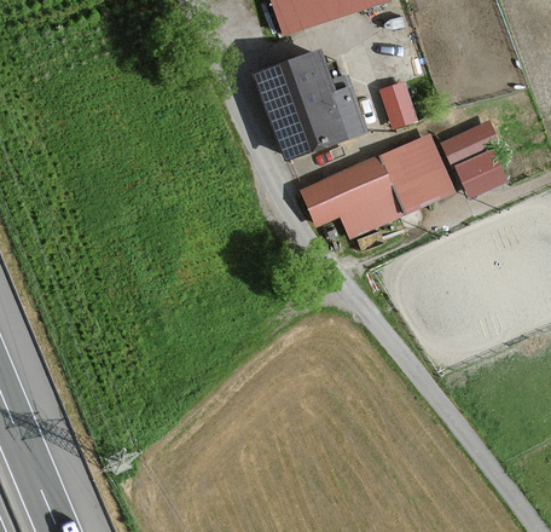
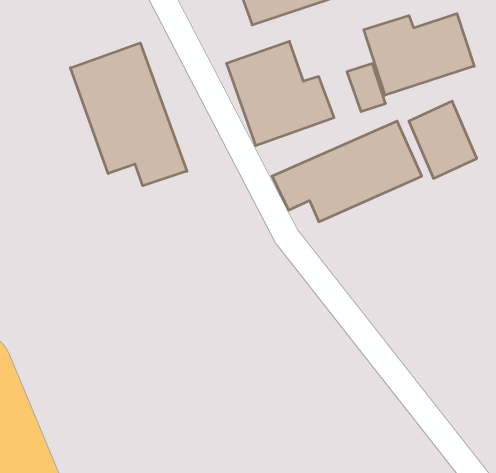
building: none -> [364,14,474,95]
building: none -> [70,43,187,186]

